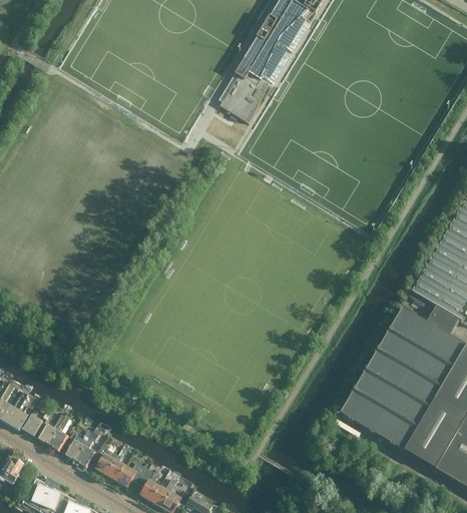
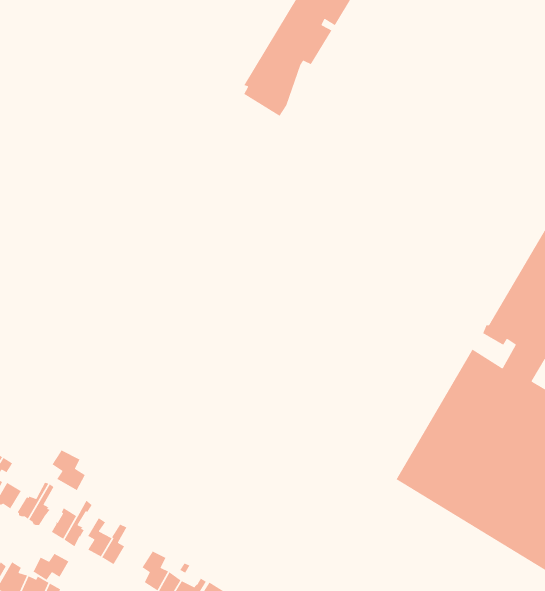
building: none -> [52,449,86,491]
building: [116,463,147,486] -> none
building: none -> [32,553,70,581]

